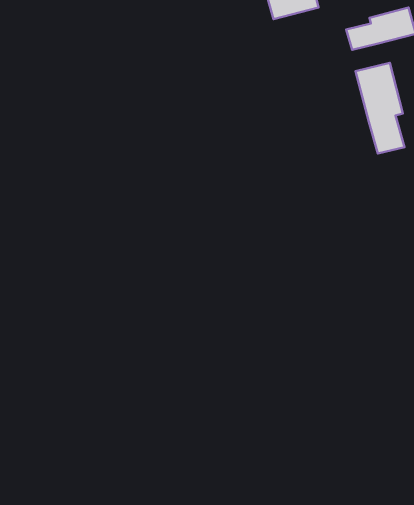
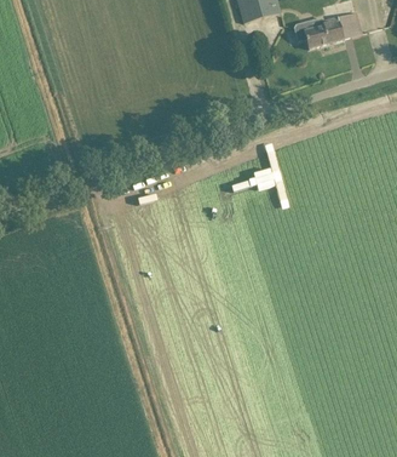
building: [356,63,404,153] -> none

